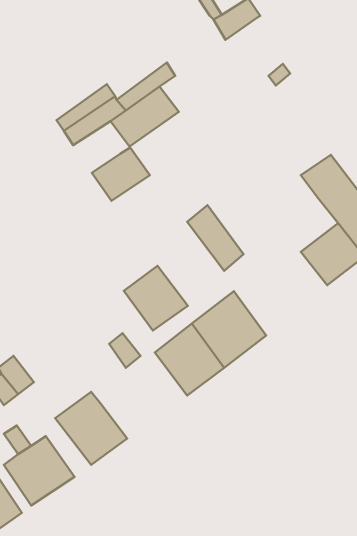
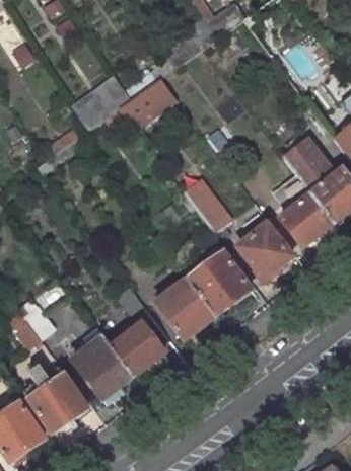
building: [92,147,150,201] -> none
building: none -> [238,224,292,279]
building: [124,266,188,331] -> none
building: none -> [111,323,164,376]

